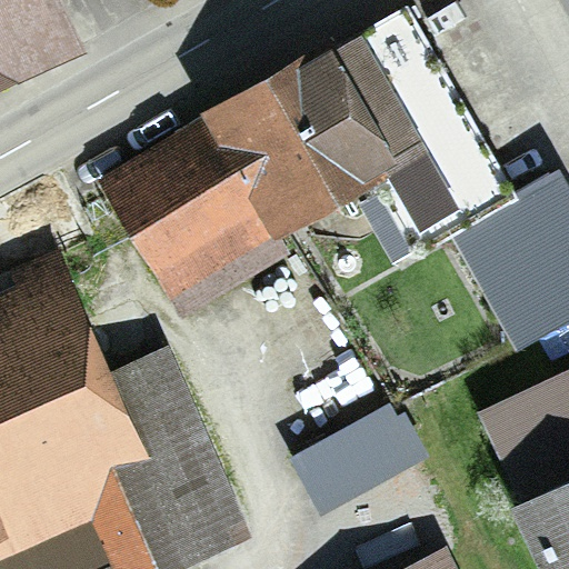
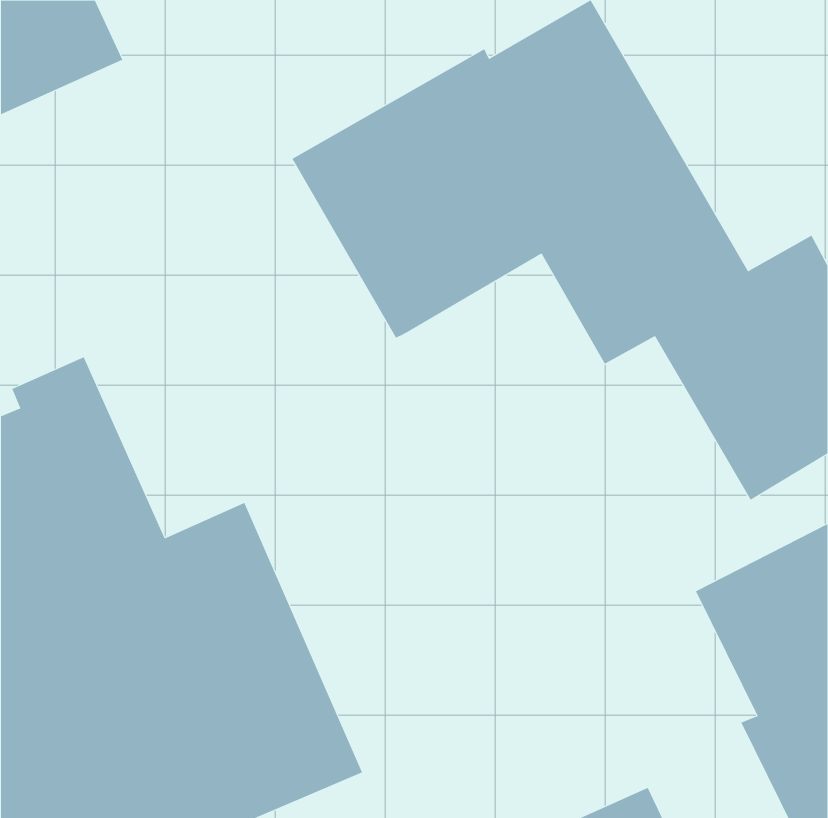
building: [93,116,289,321] -> none
building: [289,406,429,516] -> none

